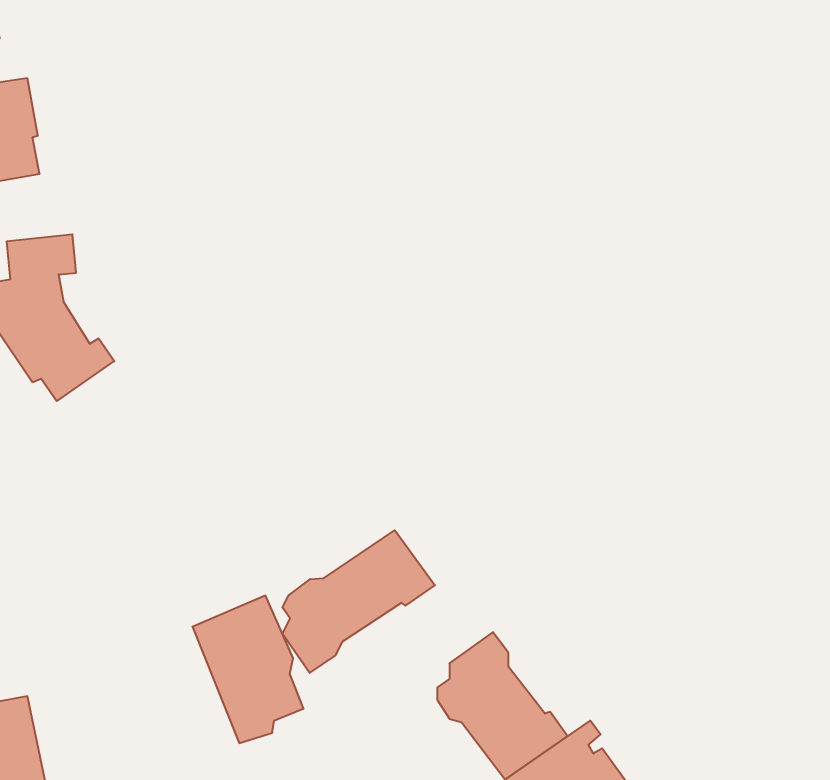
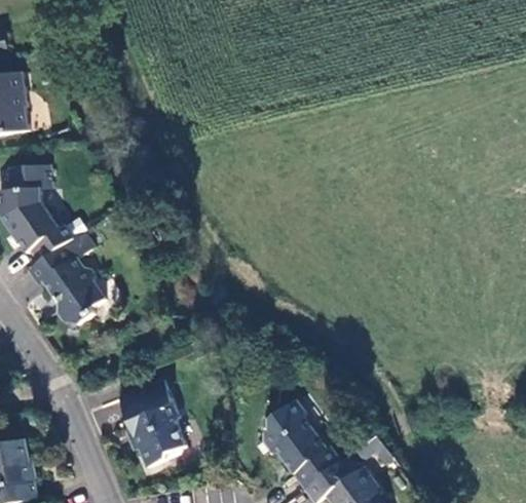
building: none -> [33,231,104,324]
building: [282,530,435,673] -> none

